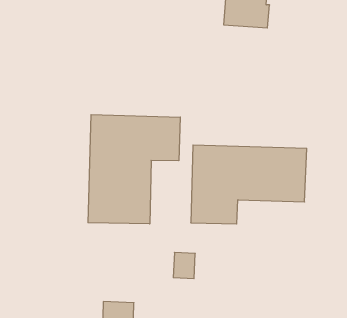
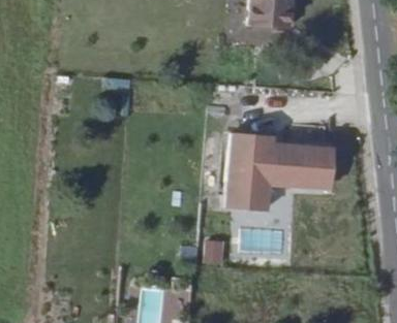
building: [88,115,180,224] -> none

